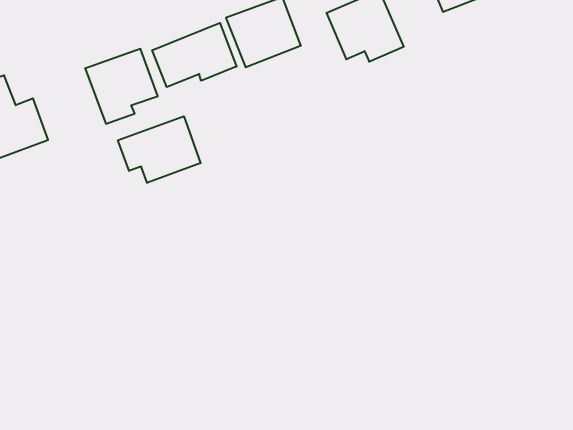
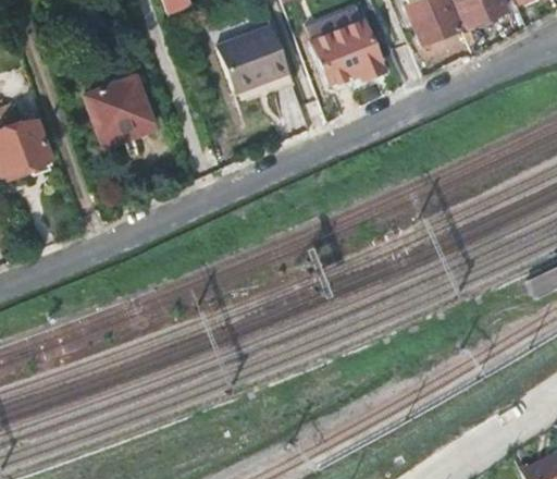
building: [152,23,237,87] -> none
building: [118,116,201,183] -> none

